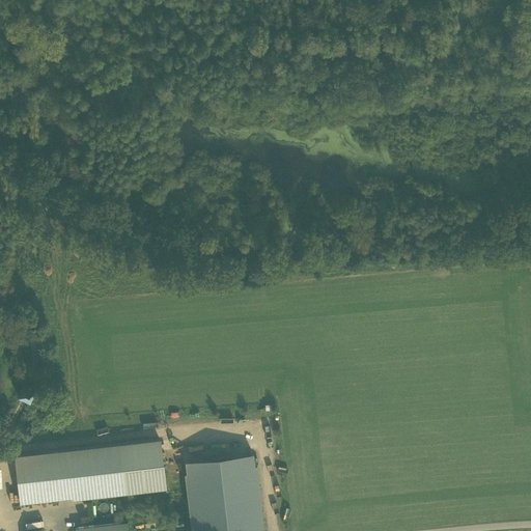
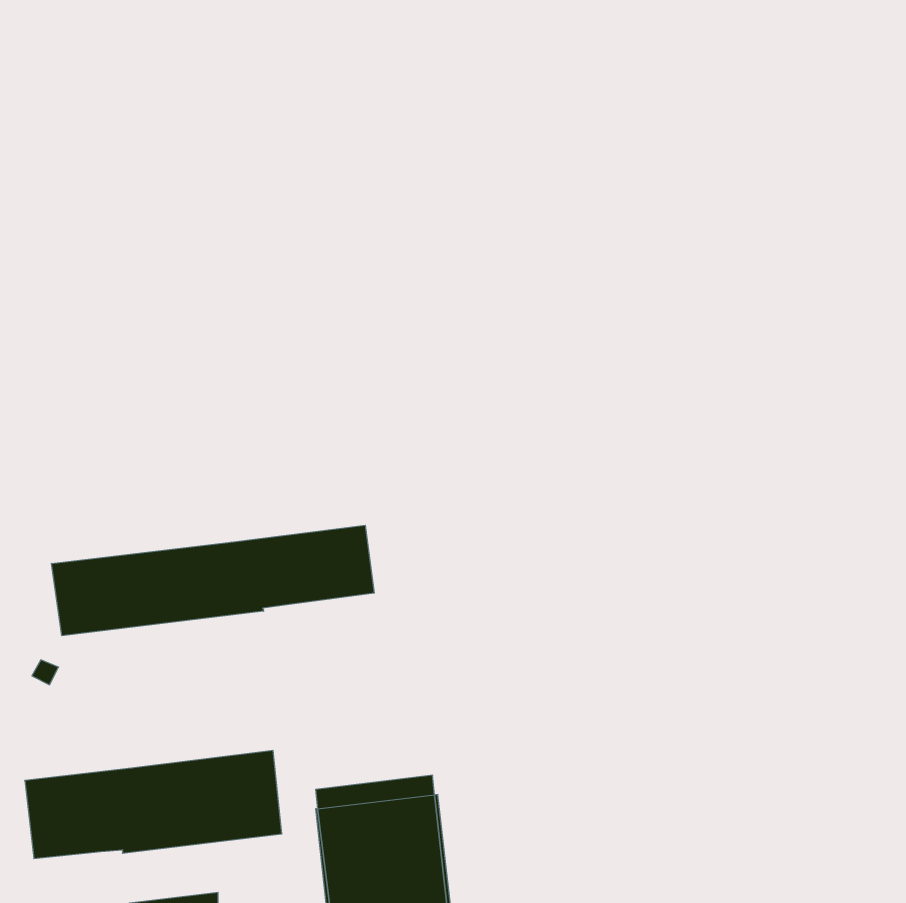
building: none -> [52,525,374,636]

